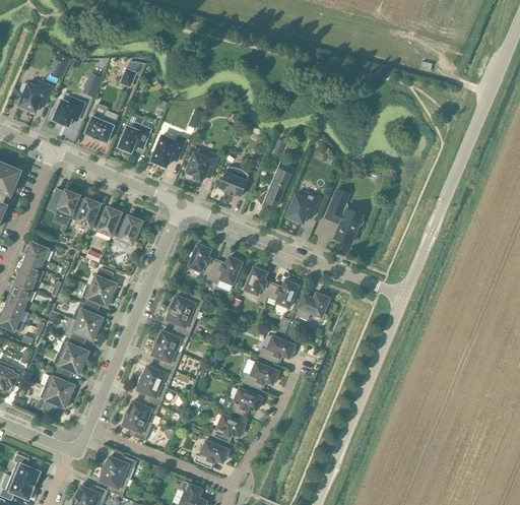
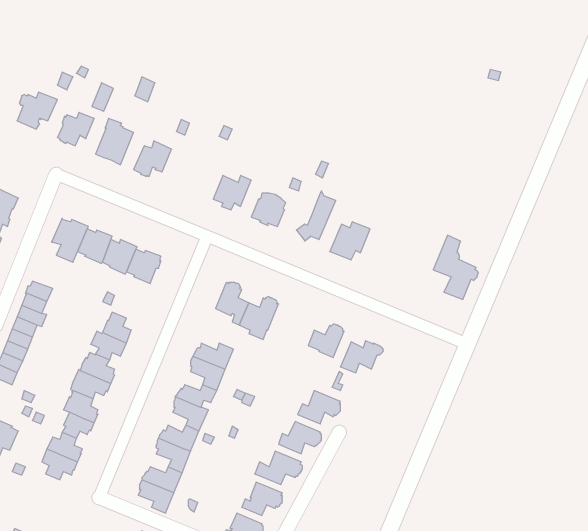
building: [151,135,186,167] -> none
building: [325,188,364,243] -> [433,235,478,299]
building: [245,266,272,303] -> none

